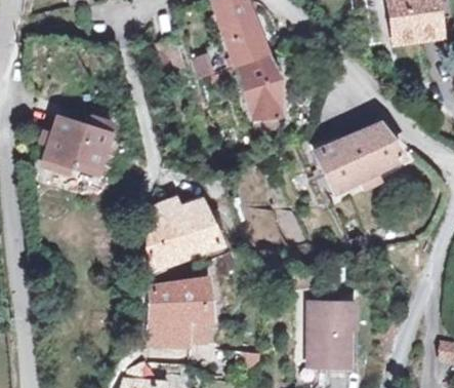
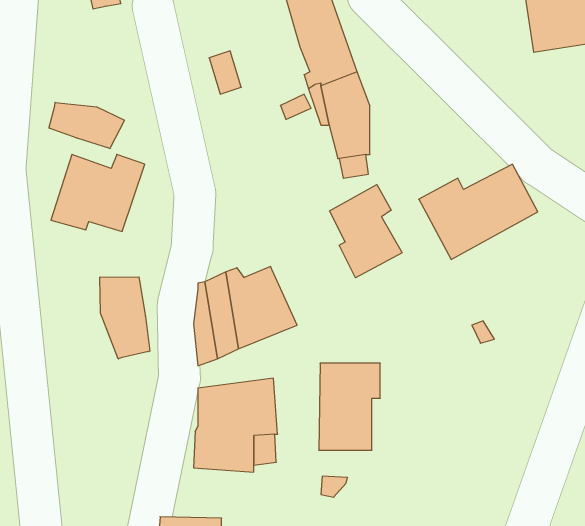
building: none -> [49,102,124,149]
building: none -> [329,185,402,278]
building: none -> [100,277,150,359]
building: [308,301,354,364] -> [319,363,380,450]

